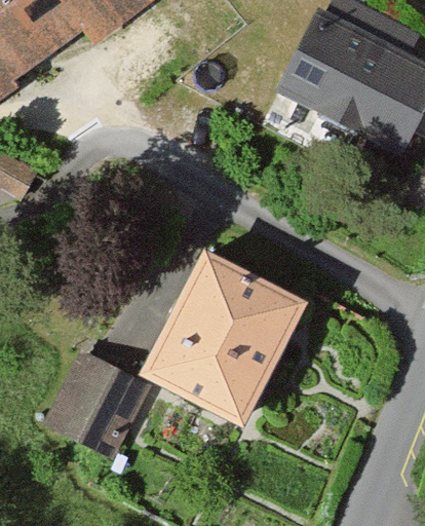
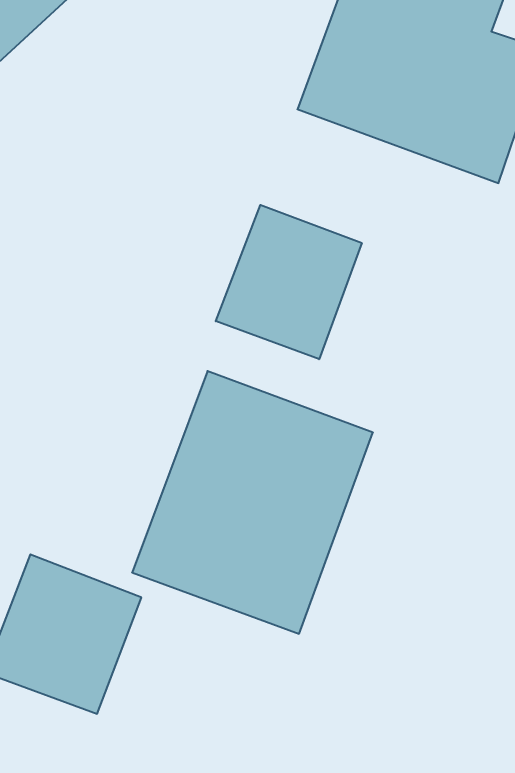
building: none -> [216,205,362,359]

